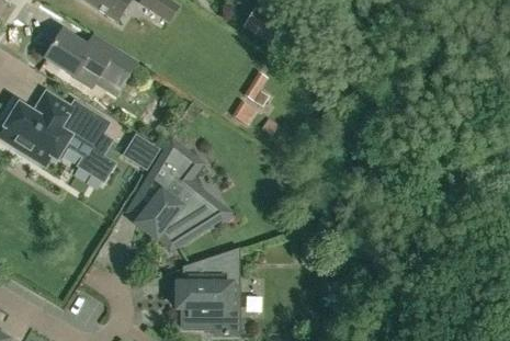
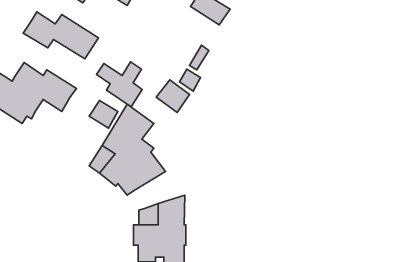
building: none -> [156,80,190,113]
building: [61,133,116,186] -> [96,62,142,107]

